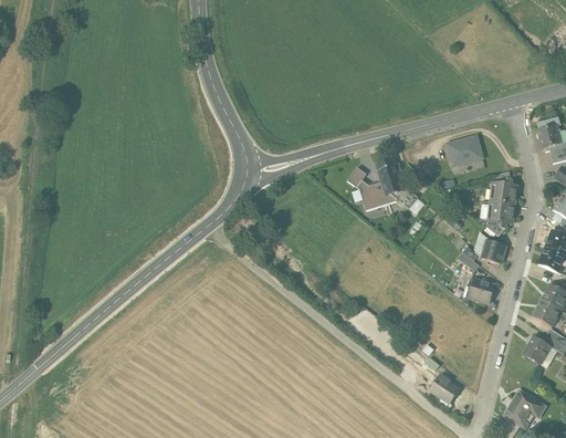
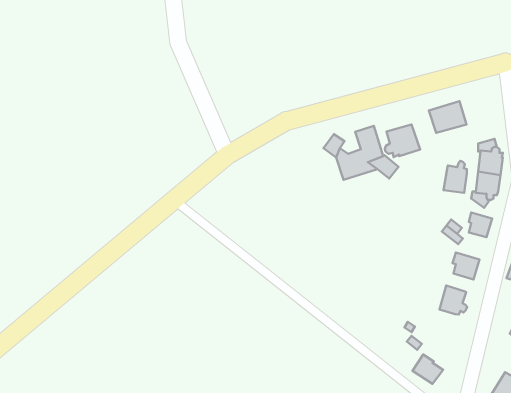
building: none -> [385,124,420,157]
building: none -> [444,161,467,193]
building: none -> [439,285,467,314]

